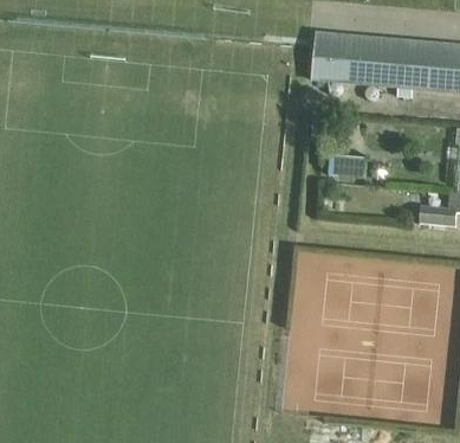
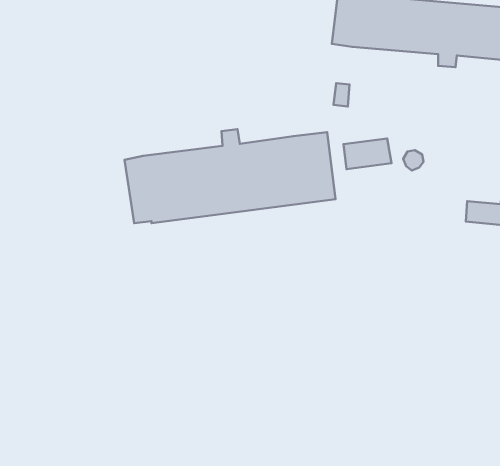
building: none -> [124,129,336,223]

